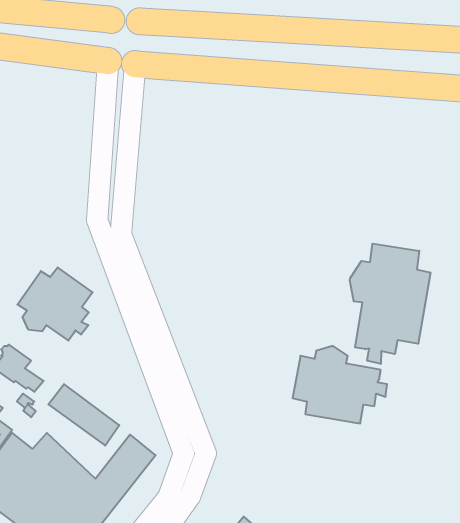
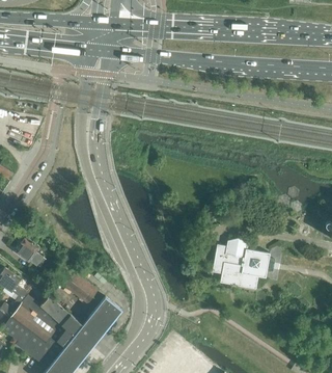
building: [350,244,430,364] -> none
building: [17,267,93,341] -> none

